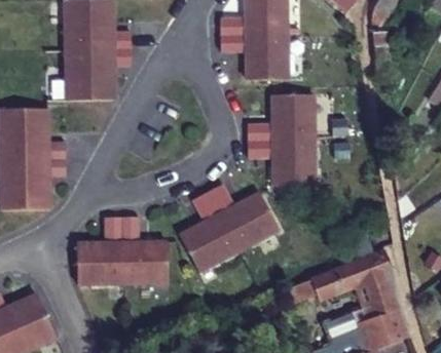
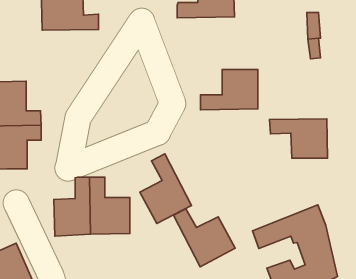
building: [221,35,287,80] -> none
building: [66,49,131,101] -> none
building: [248,141,315,186] -> [270,119,328,158]
building: [207,185,278,251] -> [173,209,235,267]

